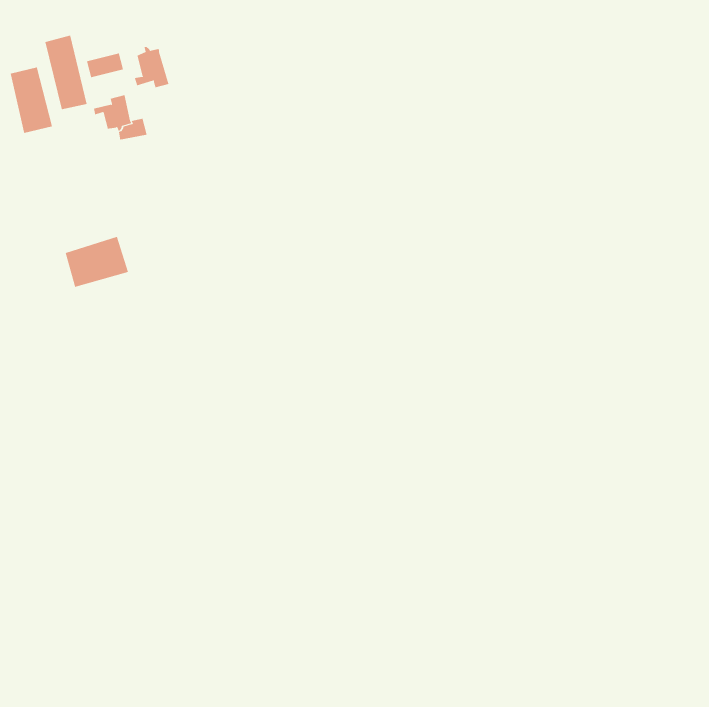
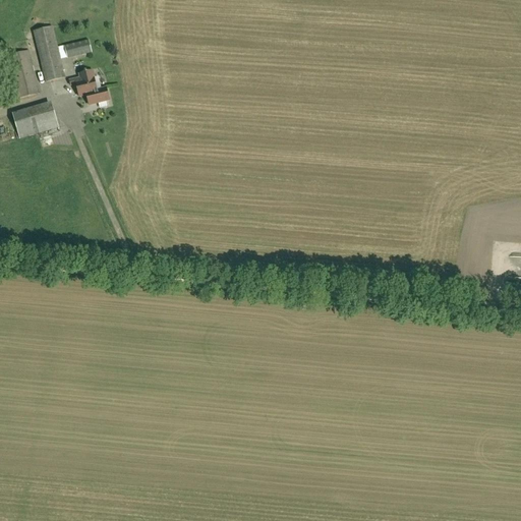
building: [134,46,169,88] -> none
building: [65,236,129,287] -> [11,100,58,137]

